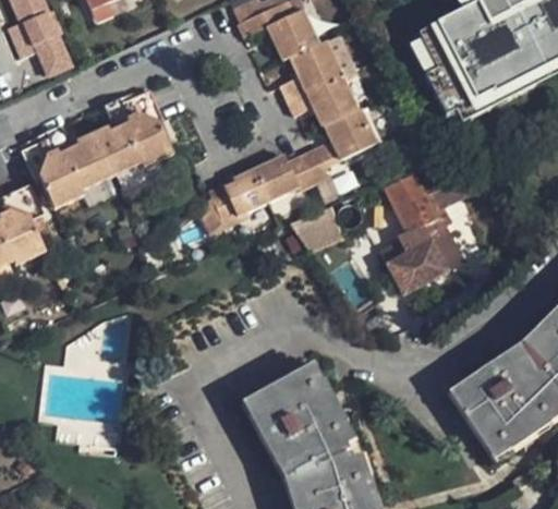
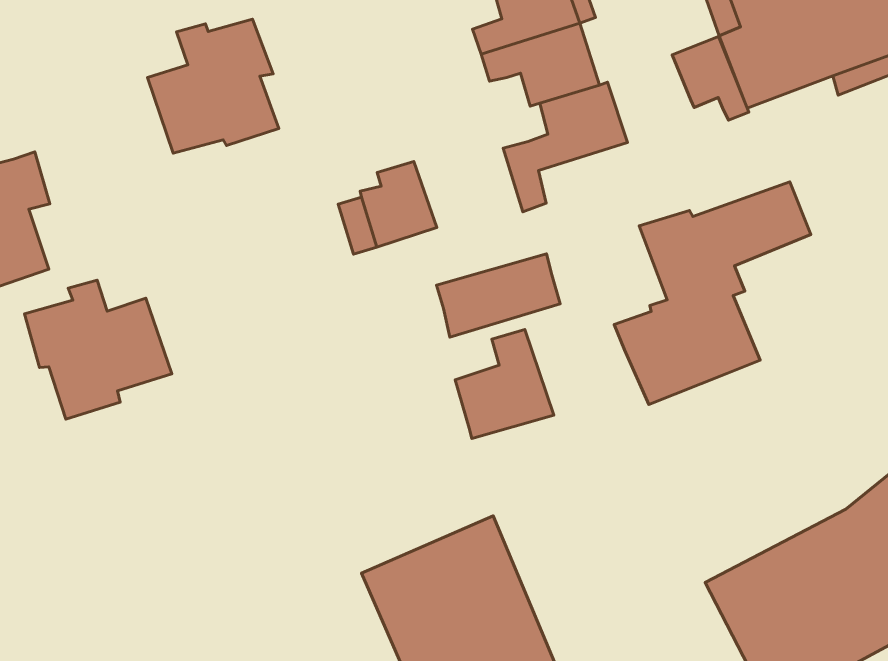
building: none -> [672,36,749,120]
building: [21,124,110,207] -> [24,280,172,419]
building: [251,150,317,202] -> none
building: none -> [455,330,554,439]

